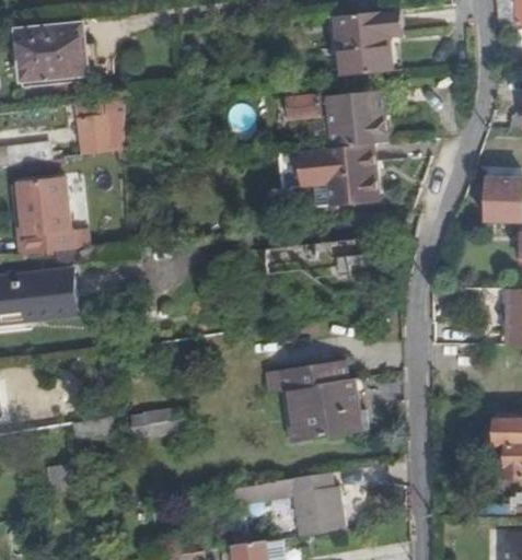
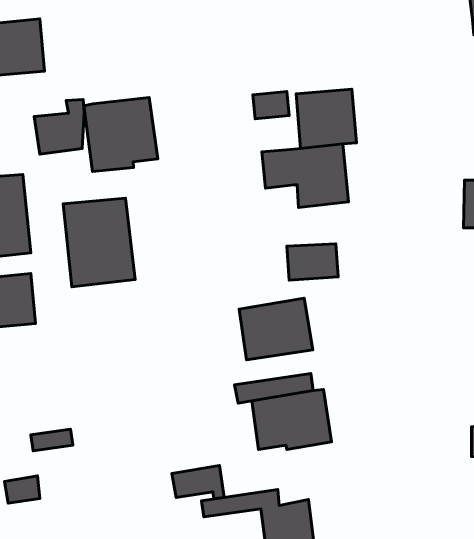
building: [336,10,397,77] -> none
building: none -> [84,97,158,172]
building: none -> [63,198,135,287]
building: none -> [239,298,313,360]
building: [131,407,182,439] -> [172,466,224,499]

